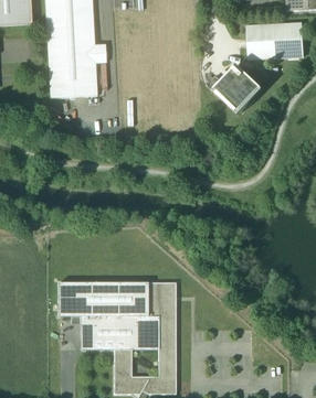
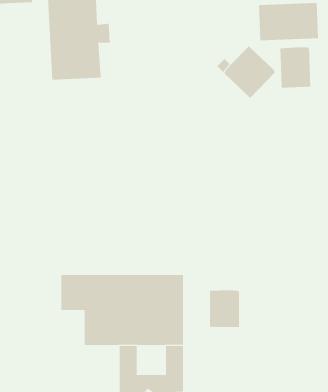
building: none -> [280,46,311,88]
building: none -> [209,290,240,328]

